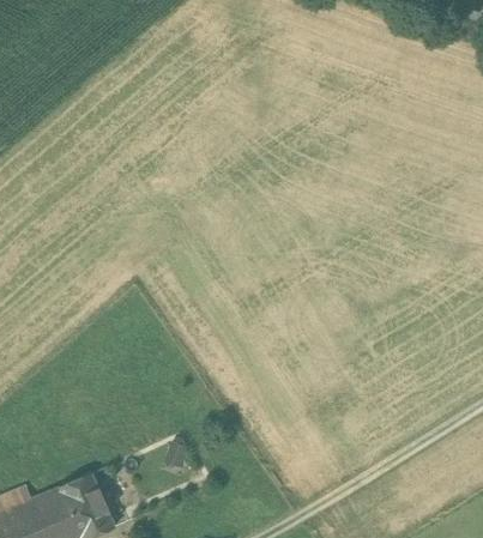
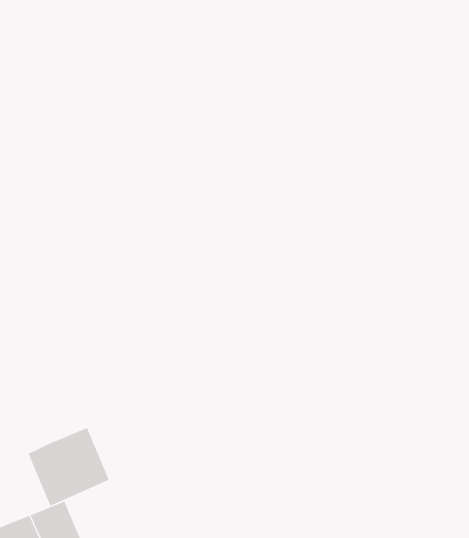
building: none -> [28,427,110,507]

